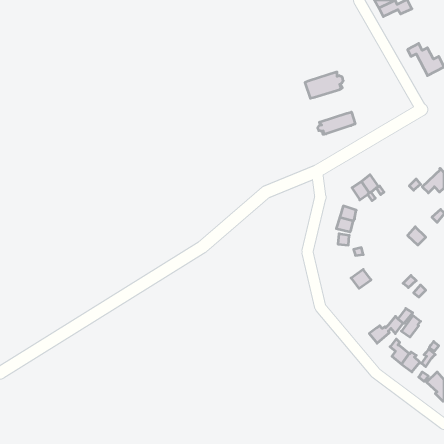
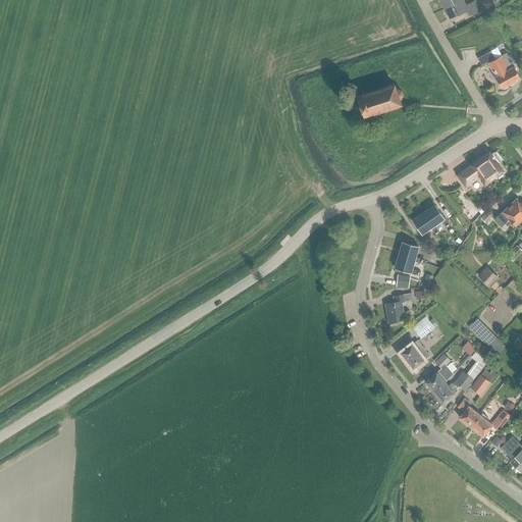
building: [318,112,355,134] -> none
building: none -> [458,152,504,187]
building: none -> [385,293,414,323]
building: none -> [401,341,430,369]
building: none -> [425,354,454,392]

